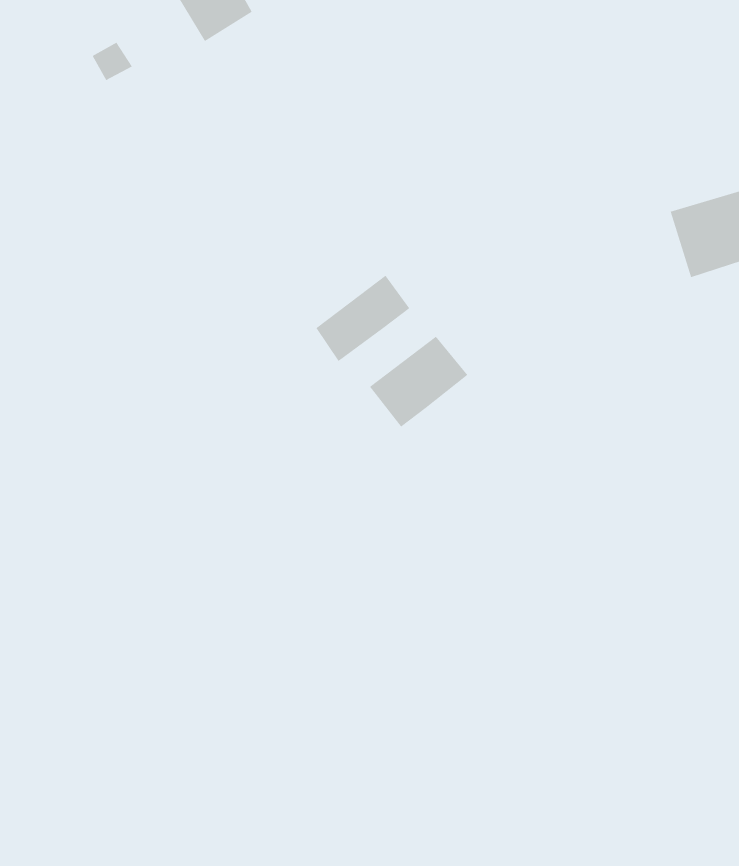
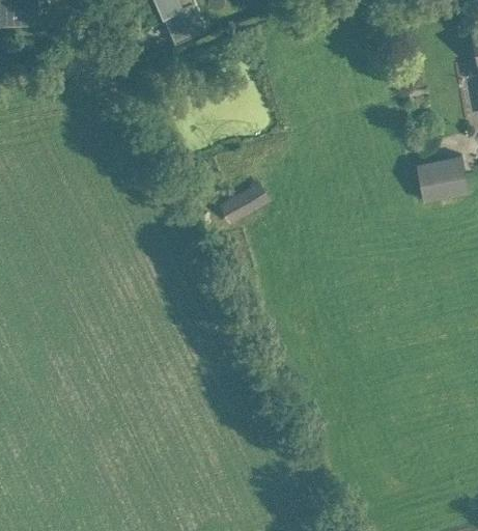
building: [369,336,468,427] -> none

